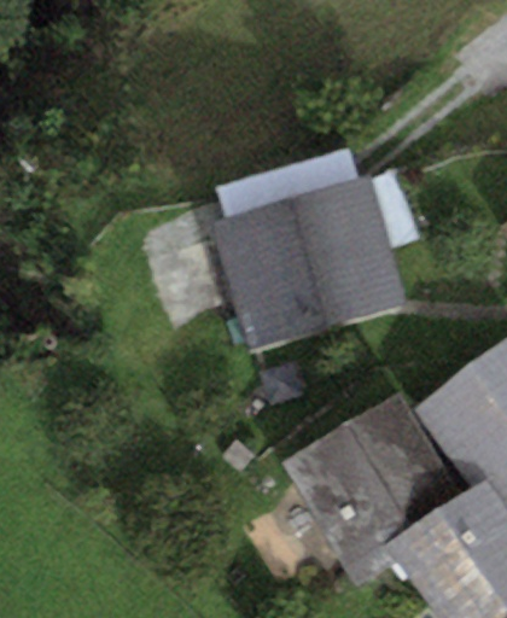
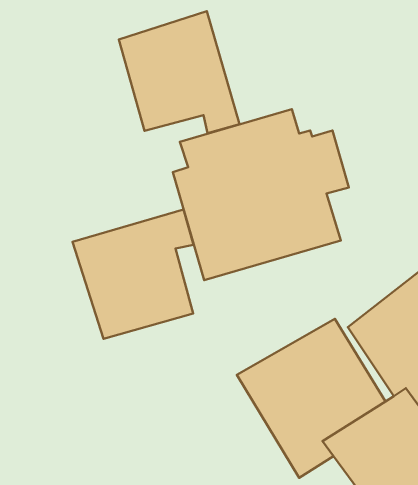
building: none -> [119,11,240,133]
building: none -> [72,209,194,339]

